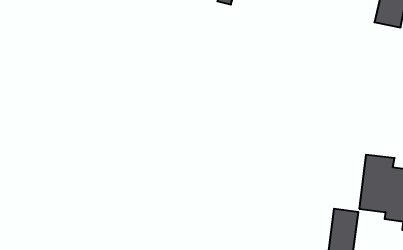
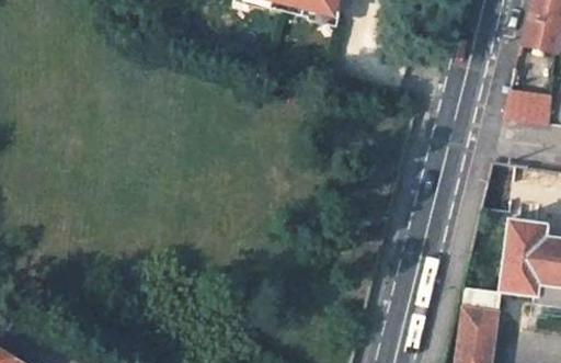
building: none -> [503,91,553,125]

